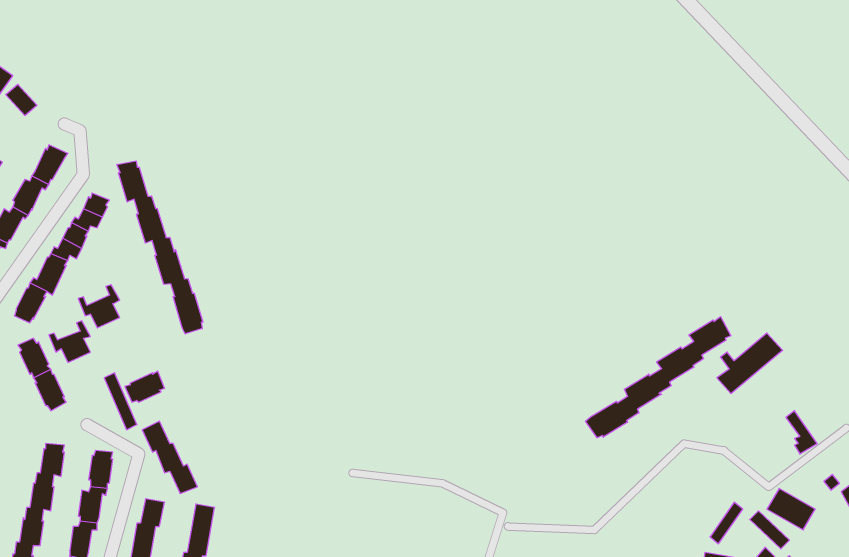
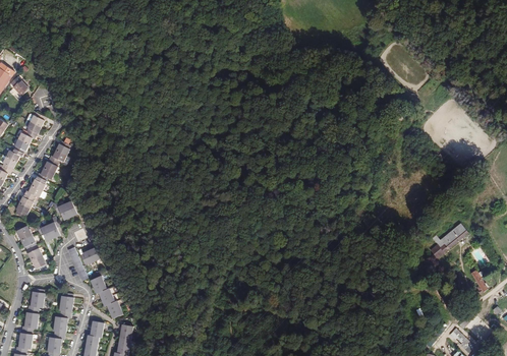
building: [117,161,203,334] -> none
building: [586,317,731,438] -> none

